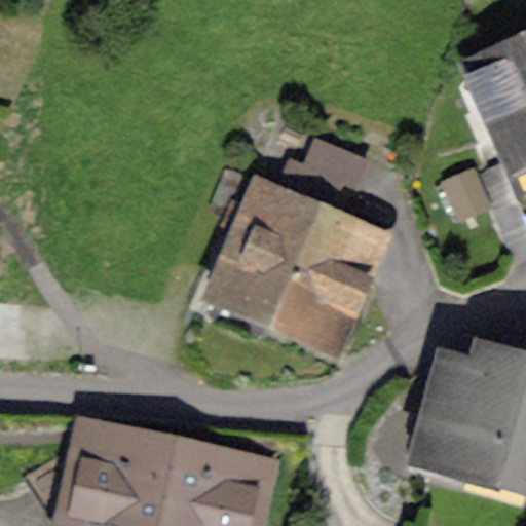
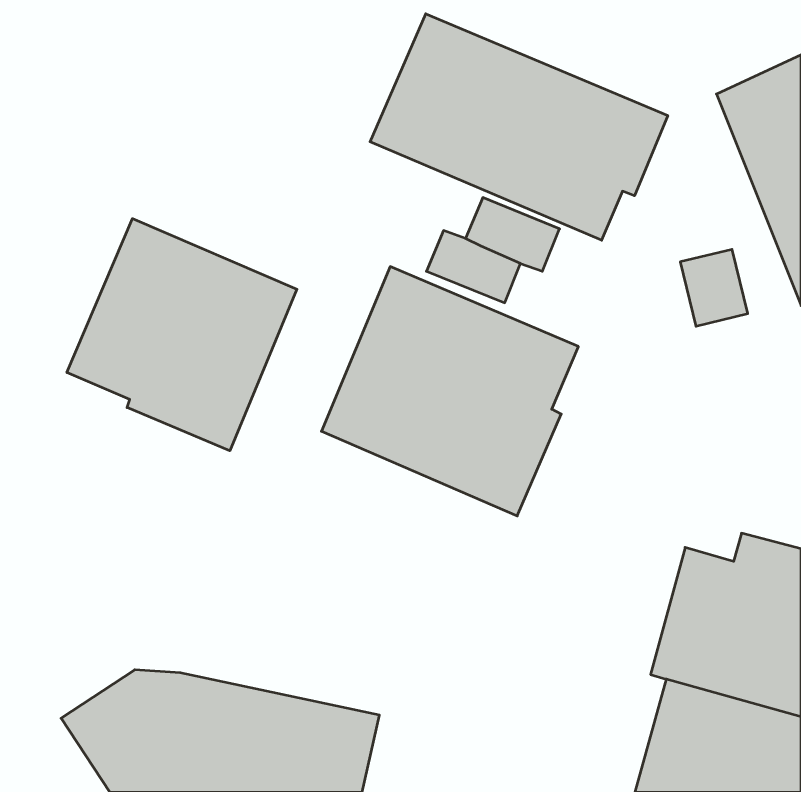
building: none -> [370,14,668,240]
building: none -> [67,219,297,451]

